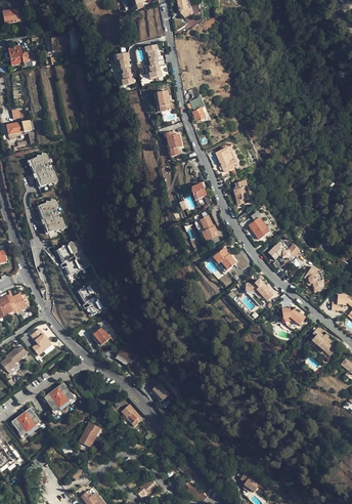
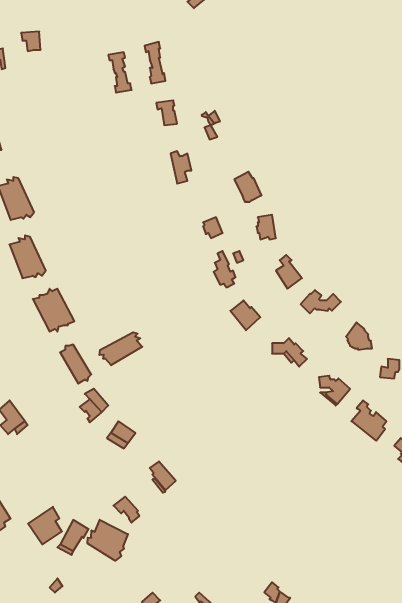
building: none -> [99,332,142,365]
building: [43,382,70,412] -> [28,507,62,544]
building: none -> [88,520,128,561]

